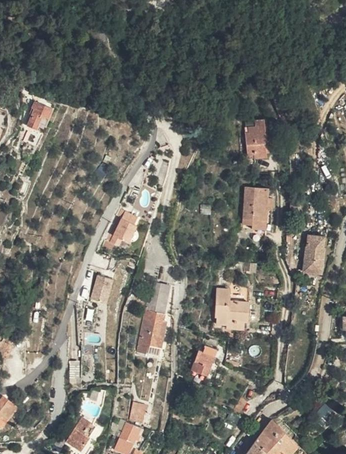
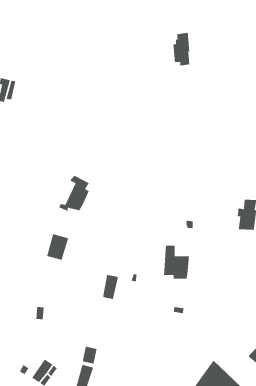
building: [247,119,267,158] -> [172,32,190,66]
building: [240,187,267,229] -> none
building: [134,286,169,360] -> none
building: [191,346,216,377] -> none

